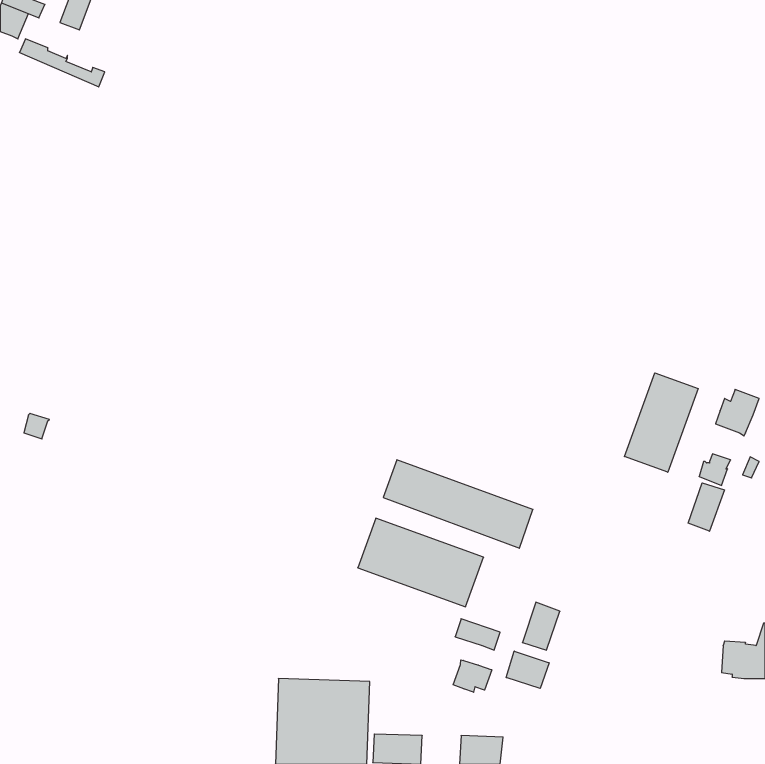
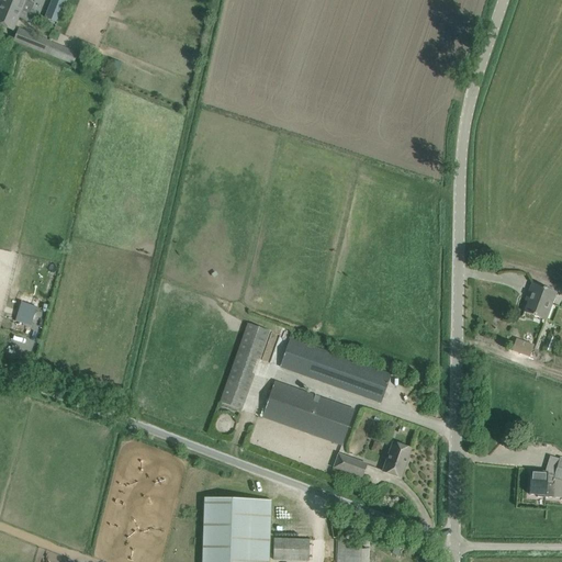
building: [624,373,698,472] -> none
building: none -> [220,323,269,408]
building: [688,483,724,531] -> none
building: [506,651,549,688] -> none
building: [453,660,492,692] -> none

